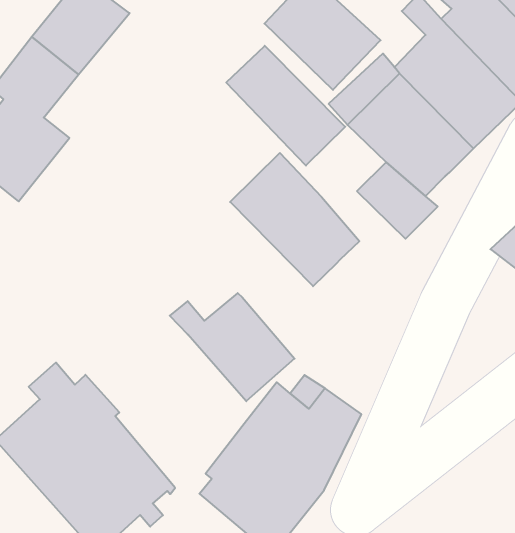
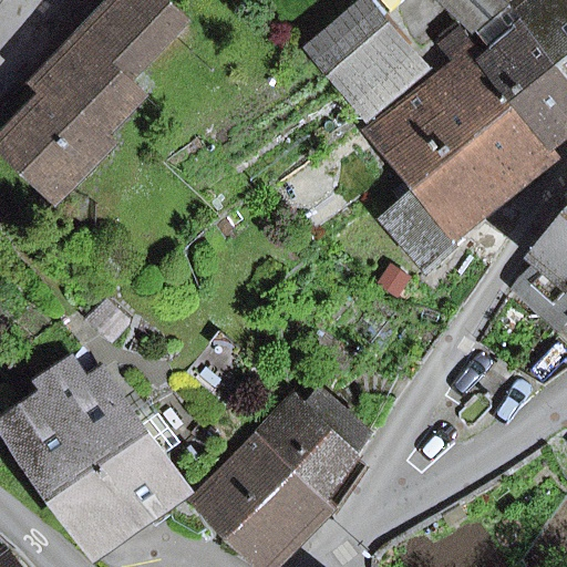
building: [226,46,345,166] -> none
building: [230,153,359,286] -> none
building: [170,293,295,401] -> none

